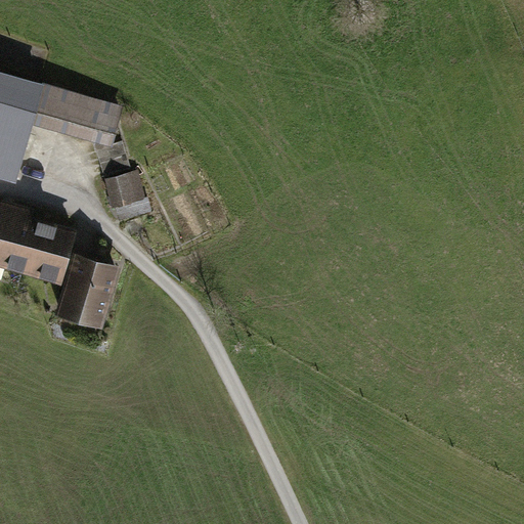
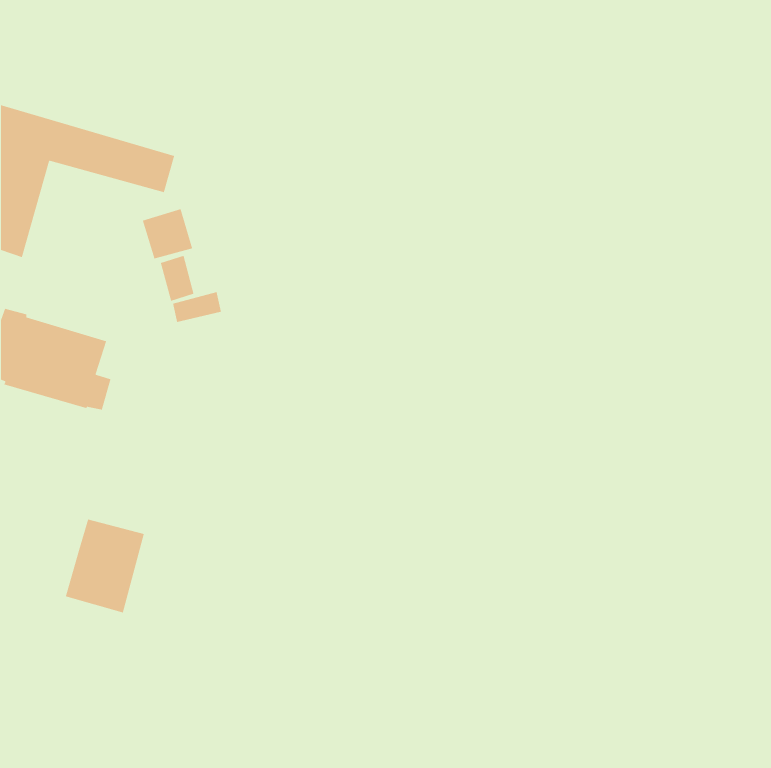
building: [60,259,115,323] -> [65,518,145,613]

